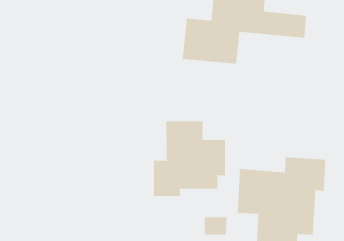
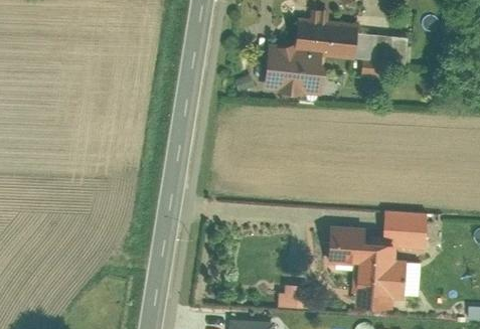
building: [154,120,226,197] -> none

